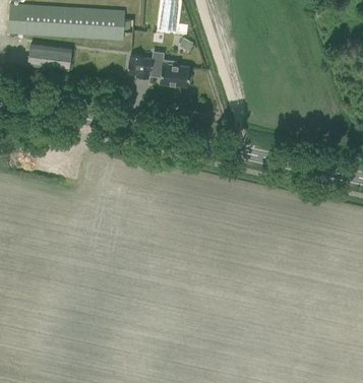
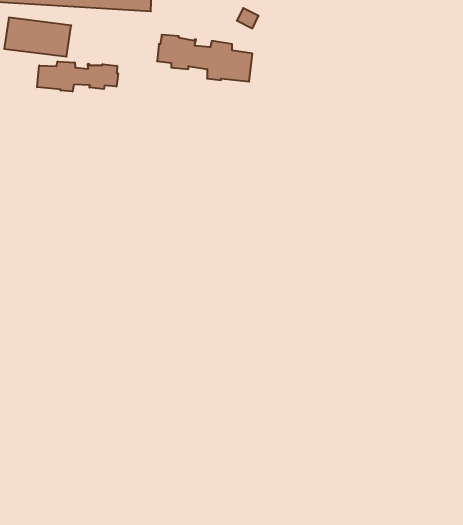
building: none -> [37,61,118,92]

